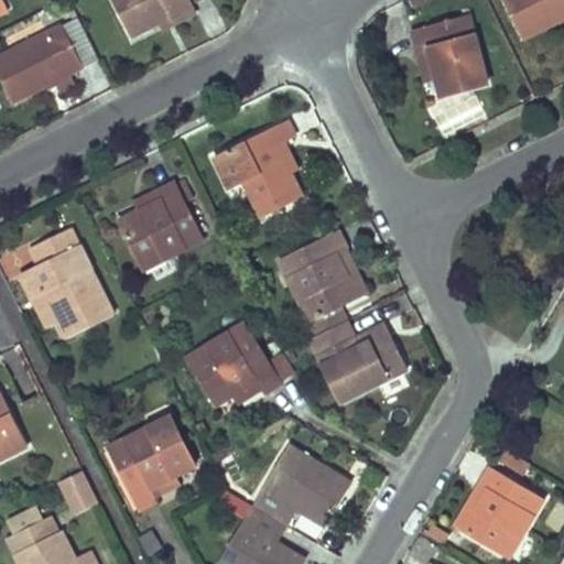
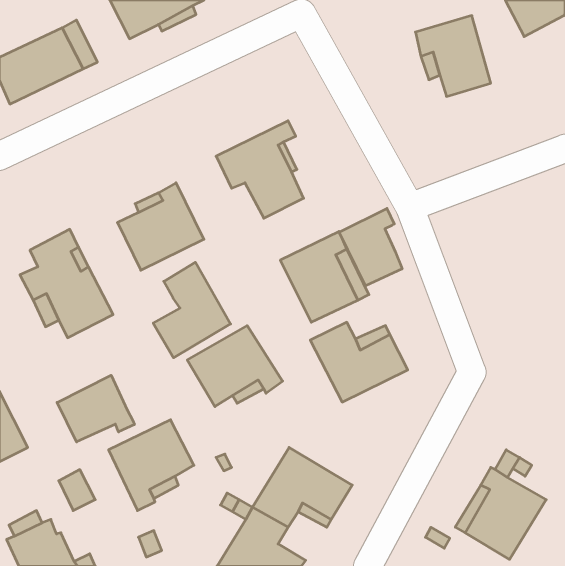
building: none -> [339,208,402,286]
building: none -> [153,262,231,358]
building: none -> [57,375,134,442]

